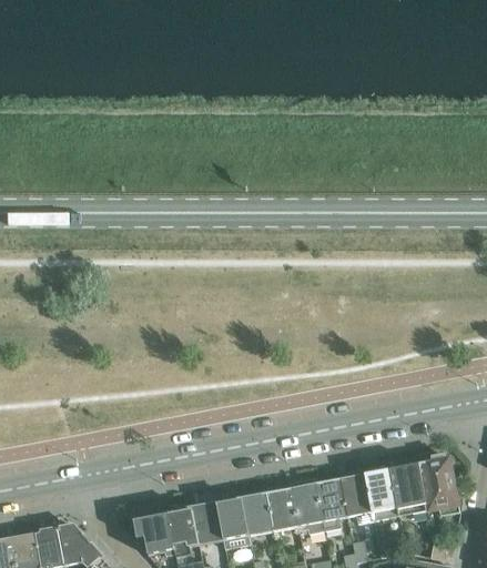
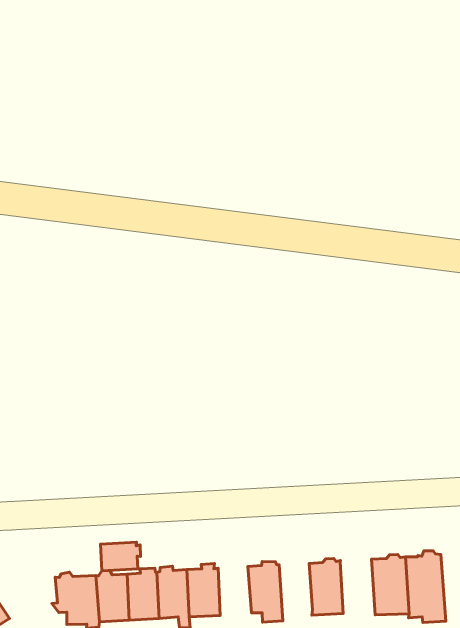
building: [366,467,400,520] -> none
building: [316,478,348,529] -> none
building: none -> [100,542,140,571]
building: [266,487,298,531] -> none

